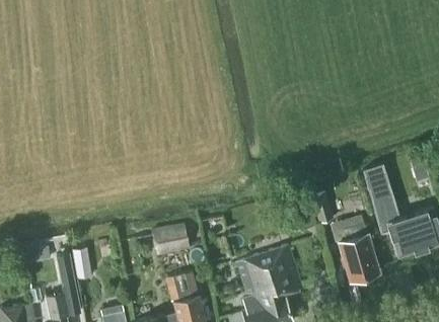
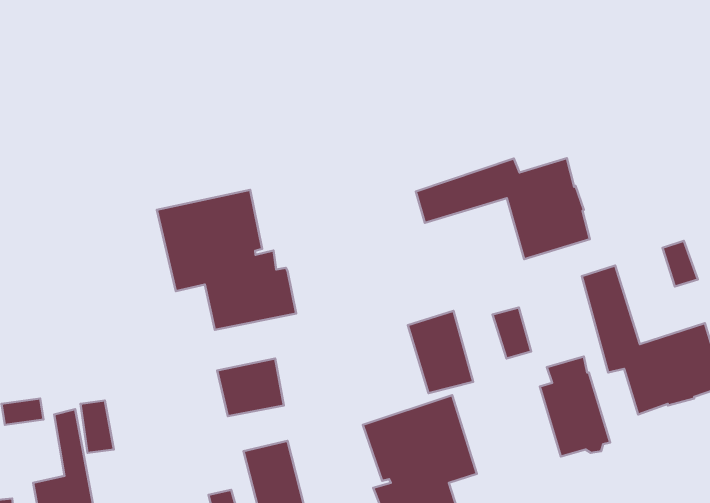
building: none -> [416,158,590,259]
building: none -> [157,190,296,330]
building: none -> [408,311,473,393]

